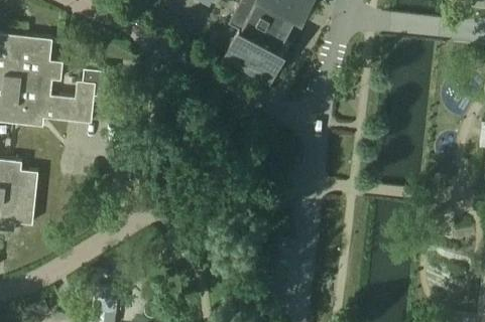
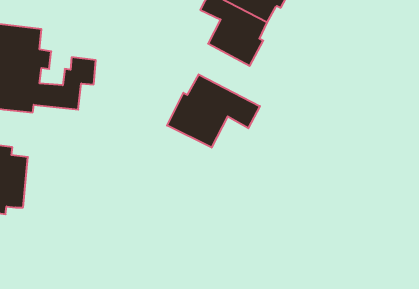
building: none -> [167,74,260,148]

